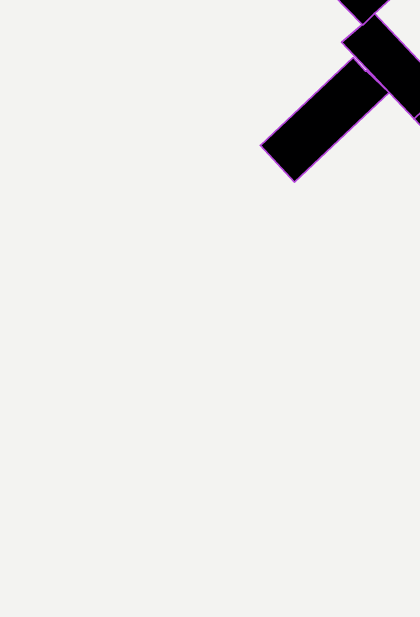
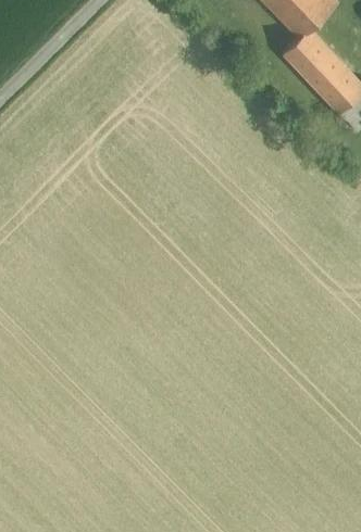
building: [260,58,389,182] -> none

